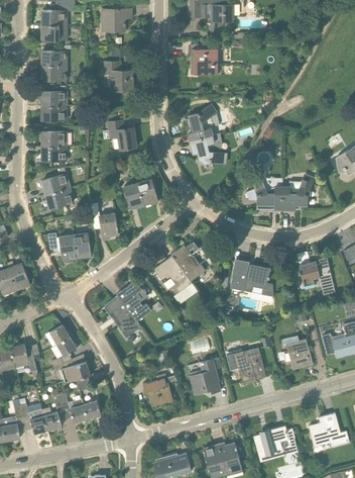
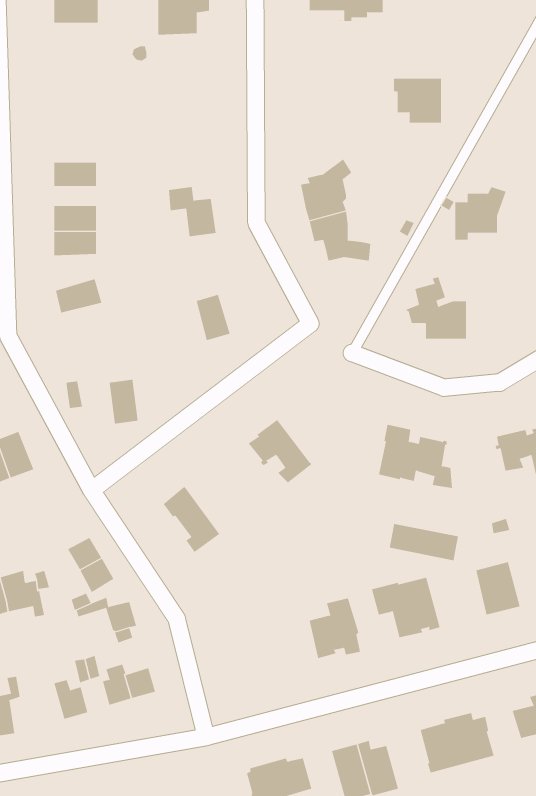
building: [41,25,68,39] -> none
building: [189,49,217,75] -> [393,78,442,123]
building: [41,51,68,80] -> none
building: [104,62,132,90] -> none
building: [41,91,67,106] -> none
building: [281,178,312,209] -> [455,186,507,240]
building: [137,179,158,206] -> none
building: [45,188,73,208] -> none
building: [90,203,118,241] -> none
building: [58,234,77,261] -> none
building: [170,247,205,281] -> none
building: [116,278,151,321] -> none
building: none -> [389,523,459,561]
building: [142,378,172,406] -> none
building: [20,404,47,434] -> none

